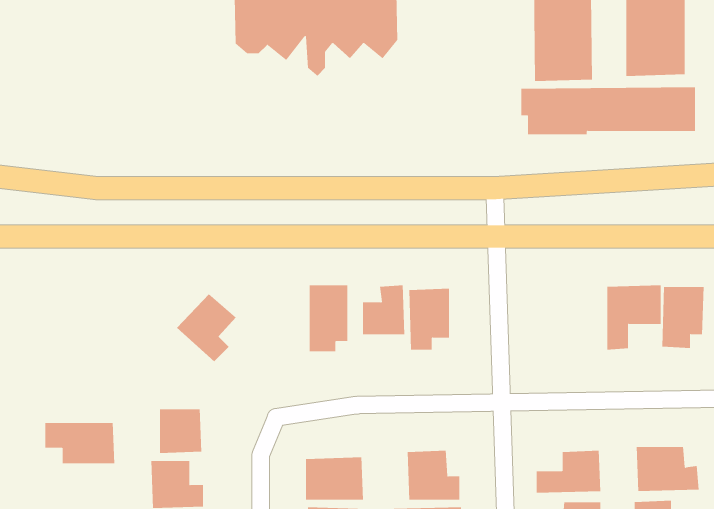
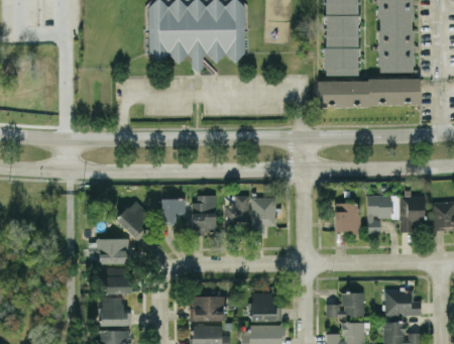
building: none -> [161,198,186,224]
building: none -> [335,203,359,232]
building: [45,422,115,464] -> [89,239,130,263]

